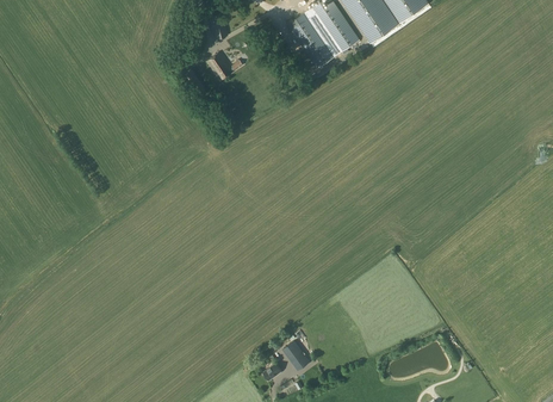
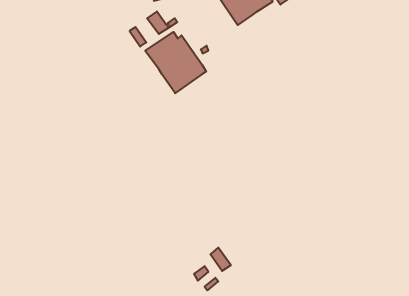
building: none -> [145,32,206,93]

